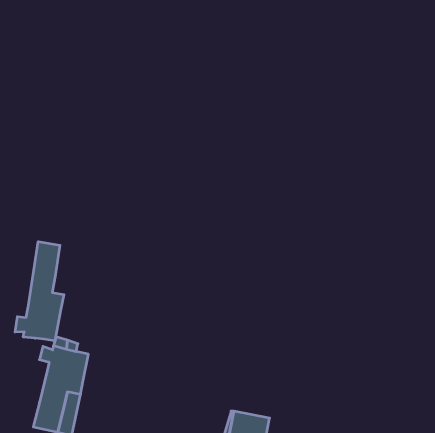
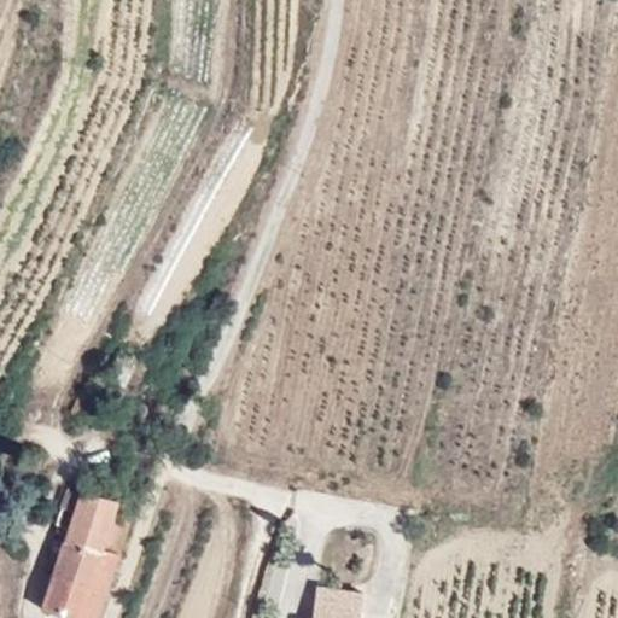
building: [15,242,64,341] -> none

